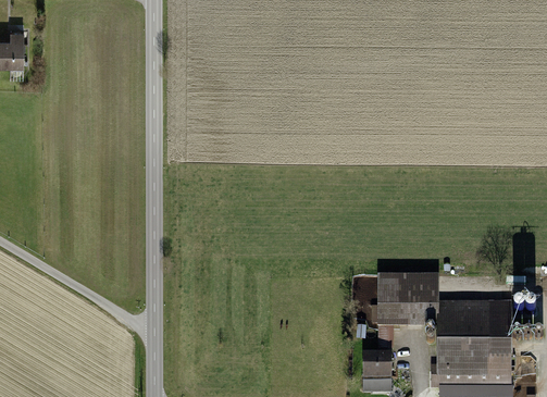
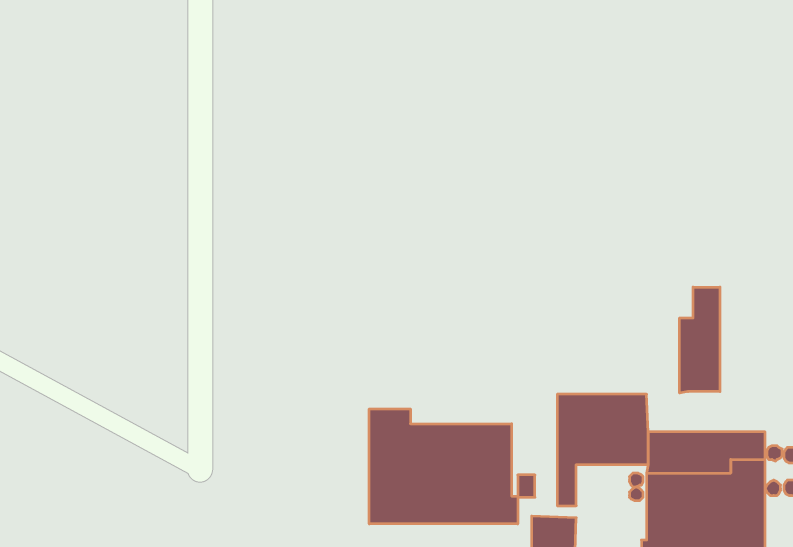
building: none -> [680,287,720,393]
building: none -> [369,409,518,524]

